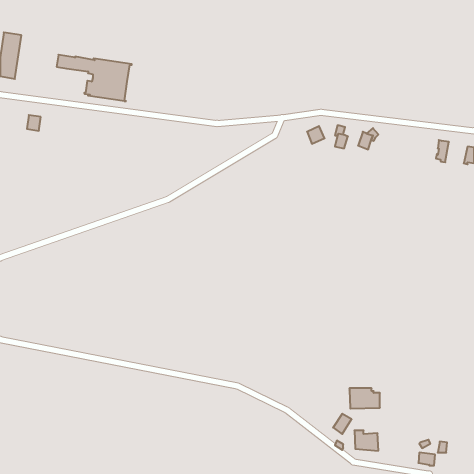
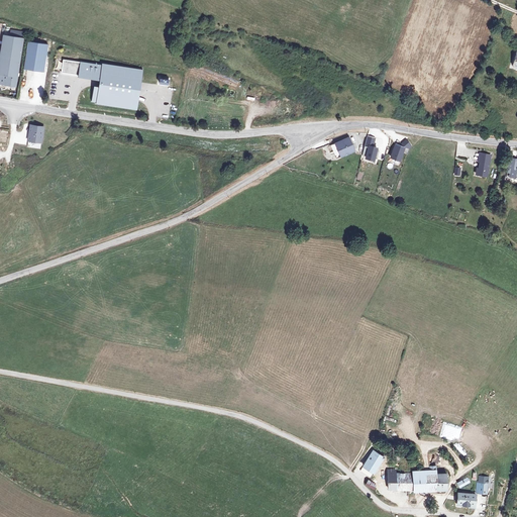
building: none -> [24,41,48,72]
building: [349,388,380,409] -> [411,470,444,492]

